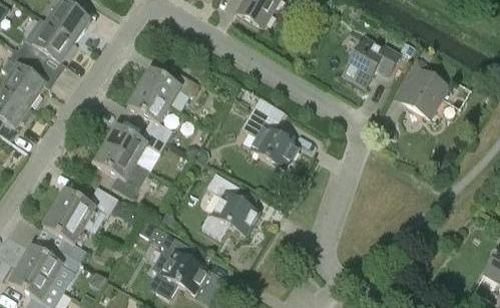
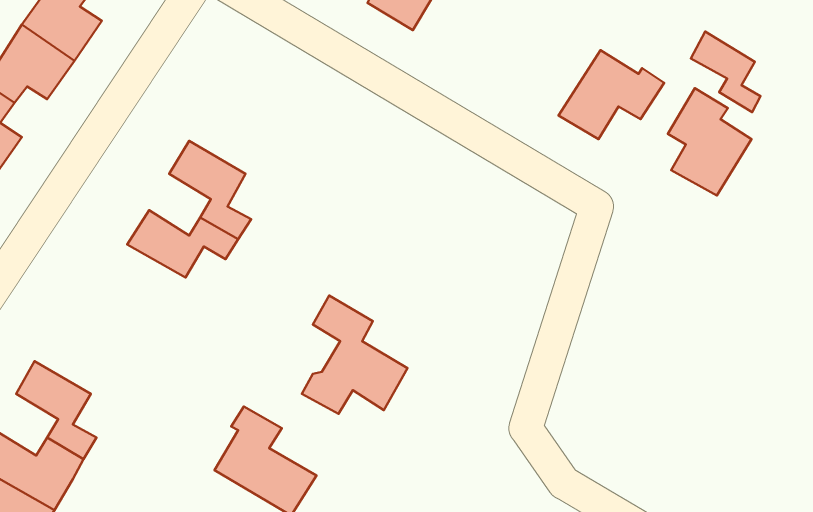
building: none -> [691,31,760,112]
building: [138,68,198,104] -> none
building: [240,106,297,169] -> none
building: [94,143,138,197] -> none
building: [53,186,142,226] -> none

